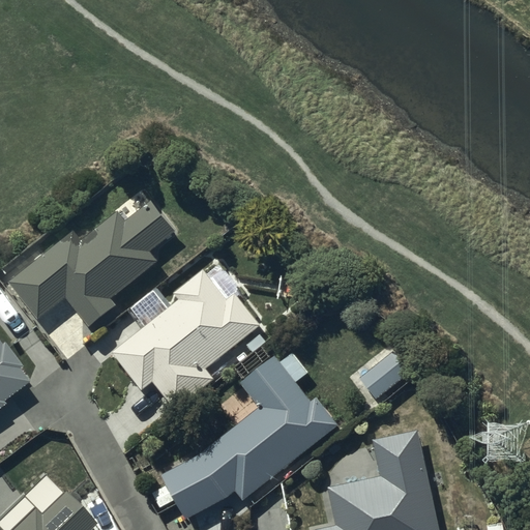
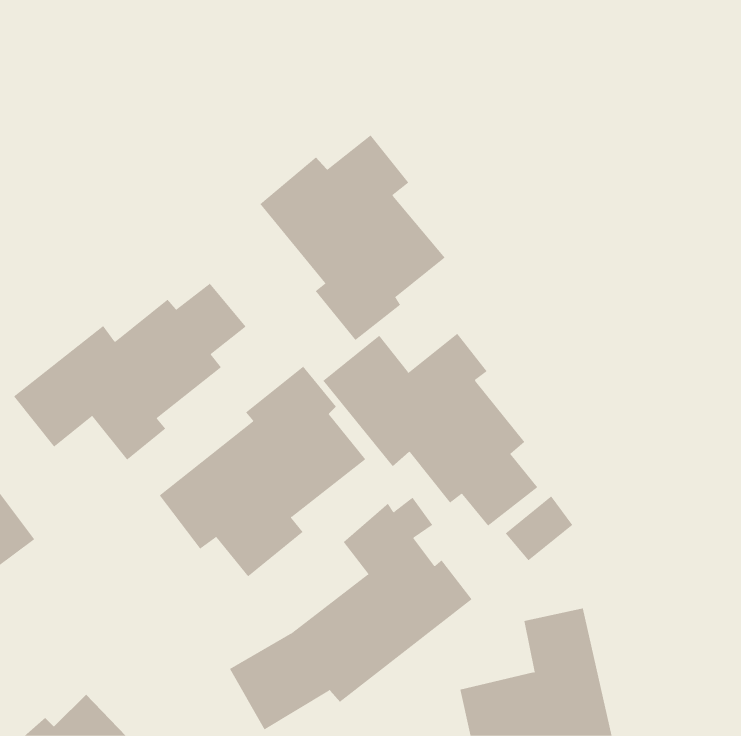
building: none -> [259,135,446,341]
building: none -> [322,333,538,526]

